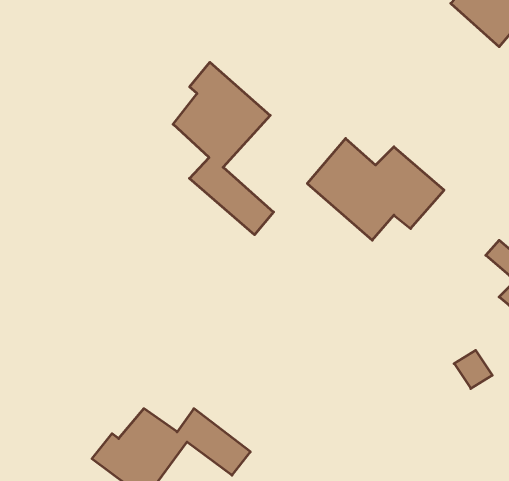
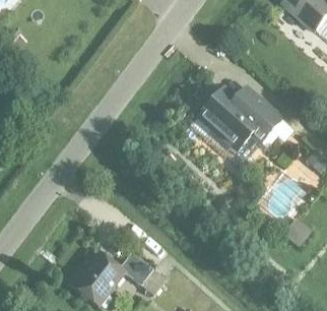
building: [173,62,274,235] -> none

